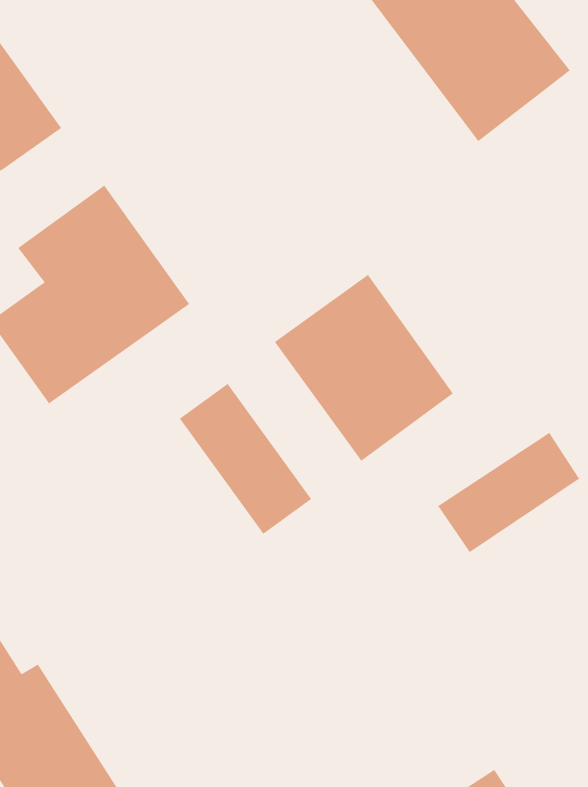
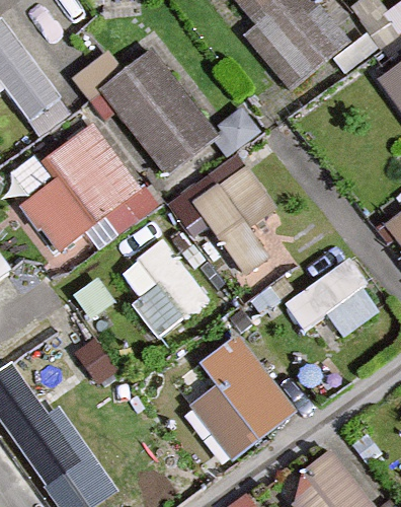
building: none -> [102,54,219,176]
building: none -> [173,342,288,457]

